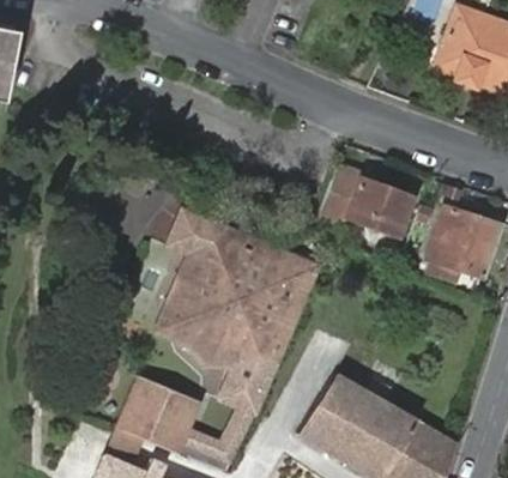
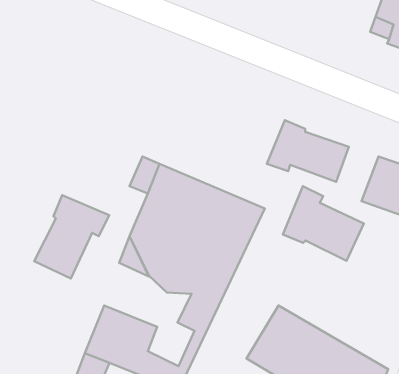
building: none -> [283,186,364,261]
building: none -> [34,195,109,279]

